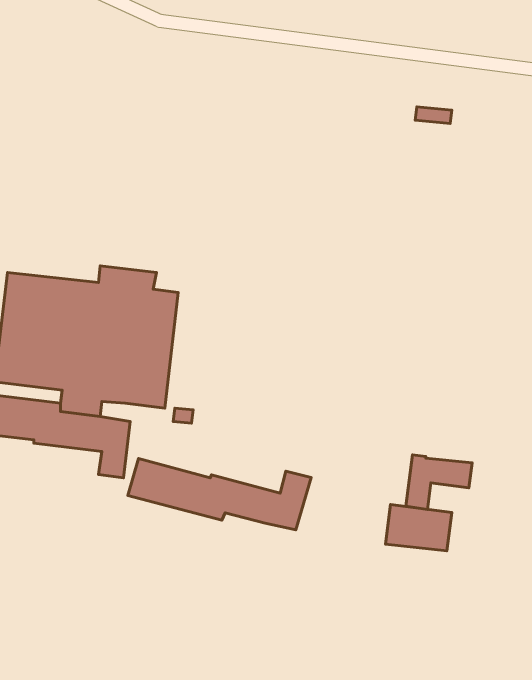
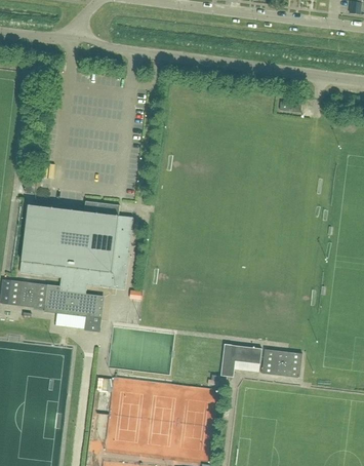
building: [406,455,472,509] -> [219,343,260,377]
building: [128,459,311,530] -> none

